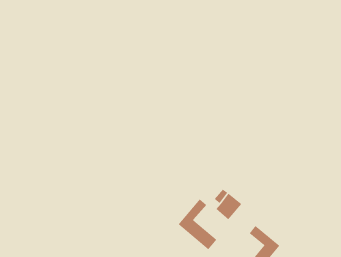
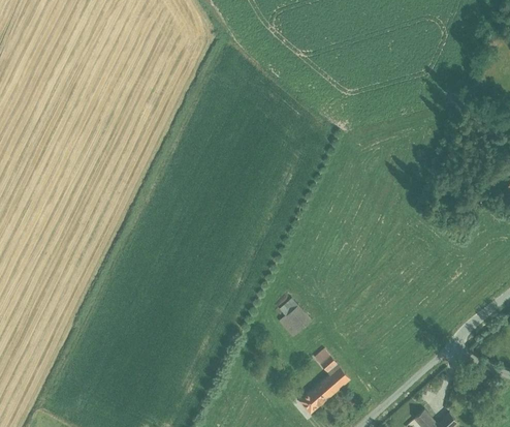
building: [178,199,217,250] -> none

